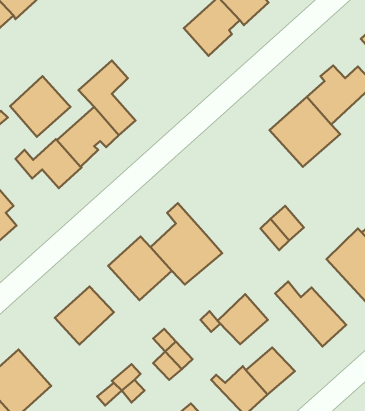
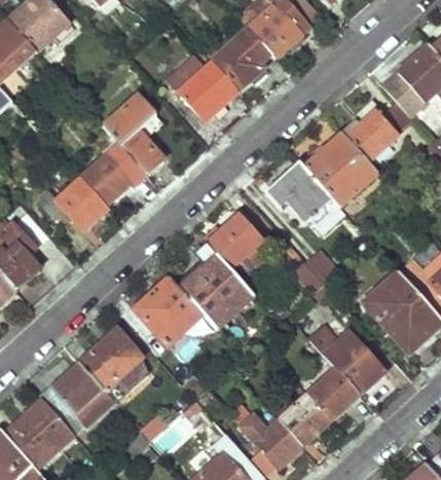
building: none -> [171,47,241,119]
building: [10,76,70,137] -> none
building: none -> [265,161,344,231]
building: none -> [209,216,263,280]
building: [218,294,268,344] -> [307,367,360,419]
building: none -> [39,364,104,434]

